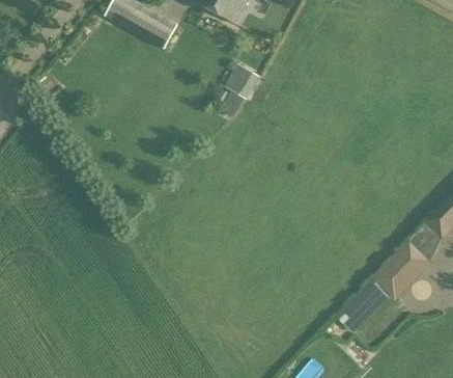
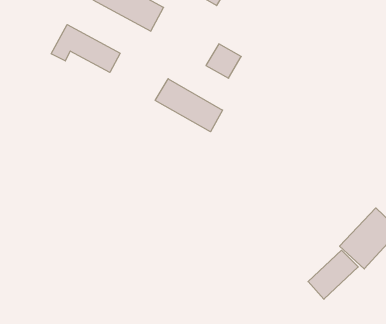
building: none -> [51,25,120,72]
building: none -> [155,79,223,132]

